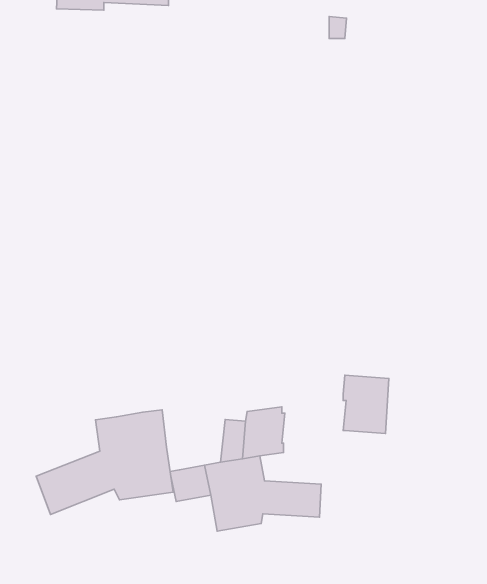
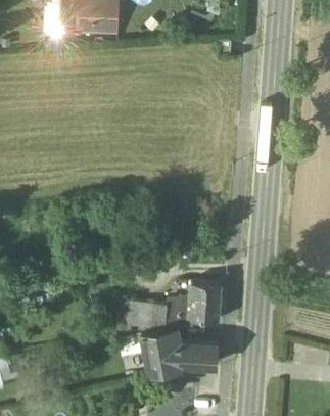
building: [343,375,389,433] -> [191,282,221,320]
building: [36,410,173,514] -> none

